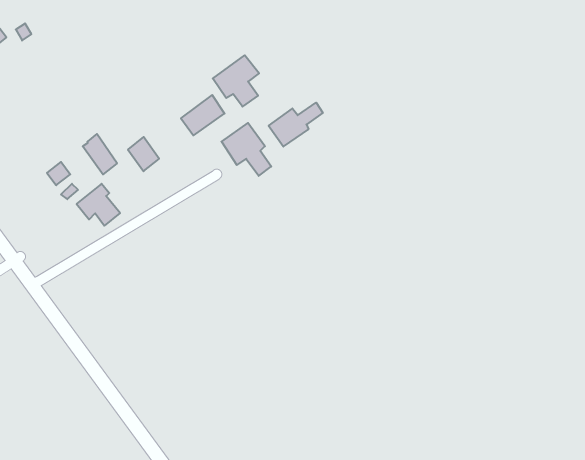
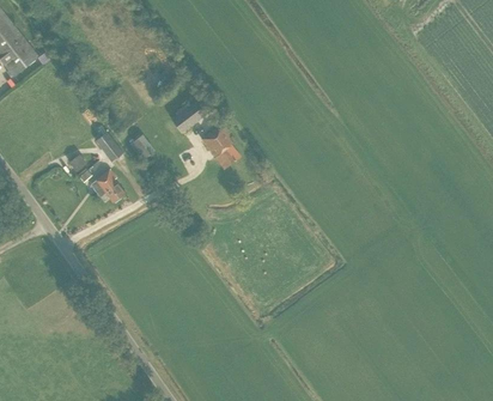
building: [213,55,259,107] -> none
building: [269,103,323,147] -> none

